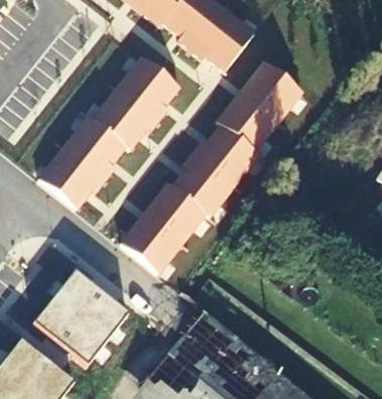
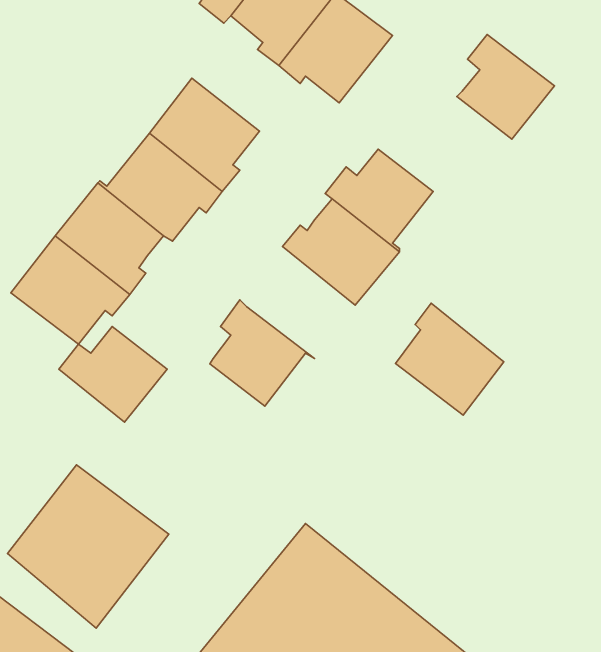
building: [247,60,302,120] -> [457,34,555,139]
building: [172,151,234,215] -> [396,303,504,415]
building: [121,218,182,272] -> [59,326,167,422]

